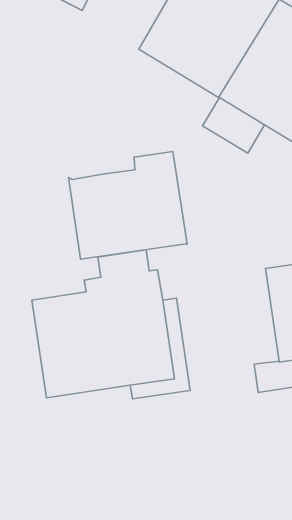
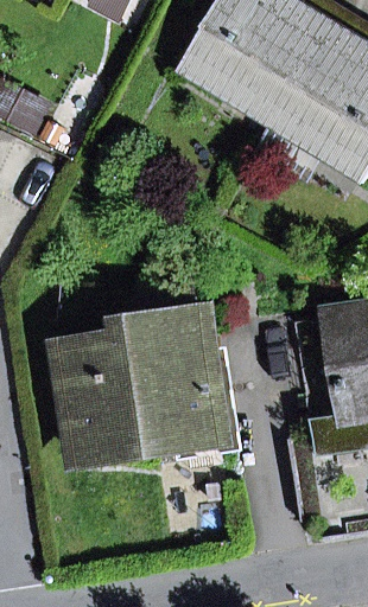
building: [68,152,187,259] -> none

